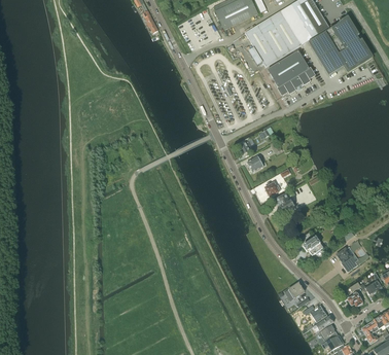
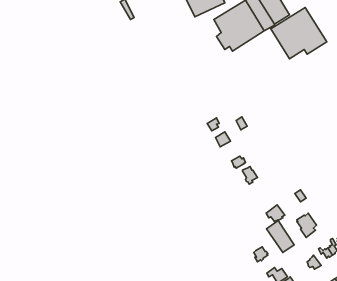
building: [267,50,315,96] -> none
building: none -> [266,221,294,252]

